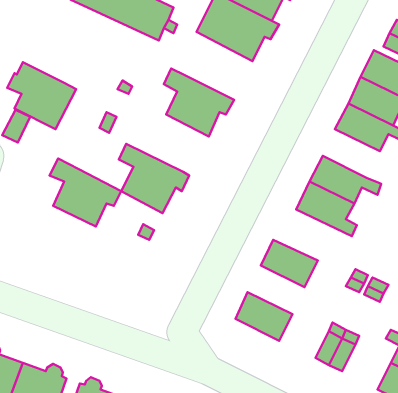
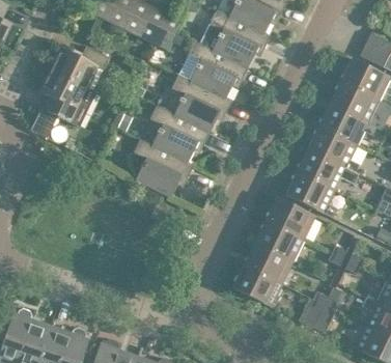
building: none -> [187,41,247,99]
building: none -> [51,46,109,87]
building: none -> [307,127,358,172]
building: [50,158,121,226] -> [148,105,210,163]
building: none -> [264,197,314,239]
building: none -> [243,243,291,284]

